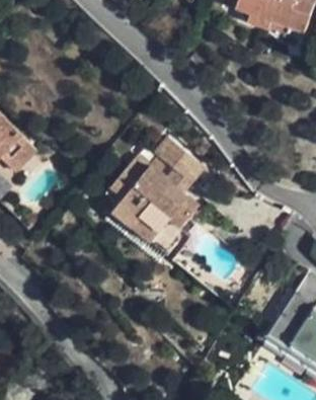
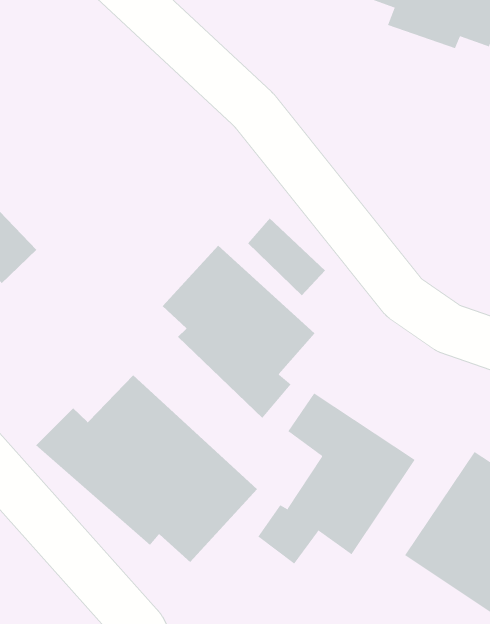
building: none -> [35,374,258,563]
building: none -> [257,392,416,564]

